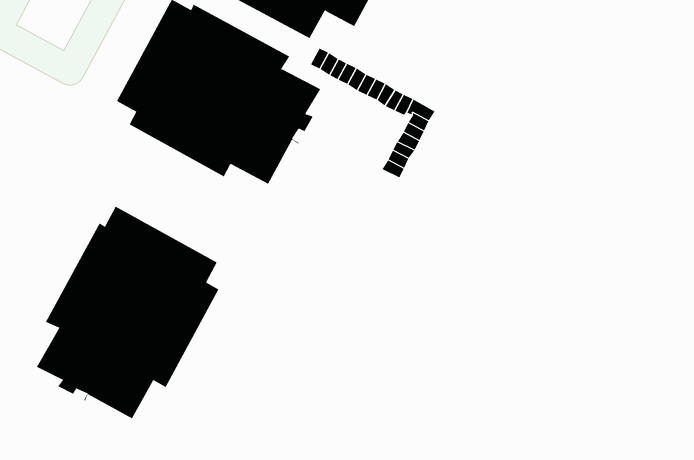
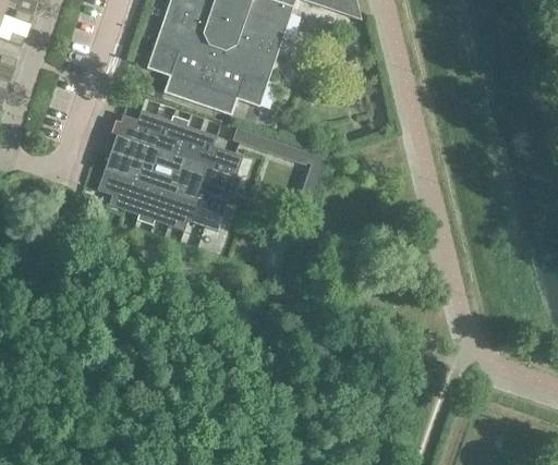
building: [36,206,219,419] -> none

